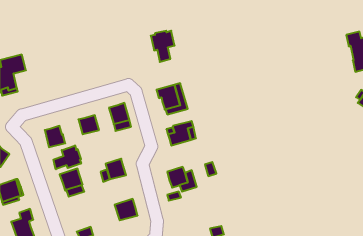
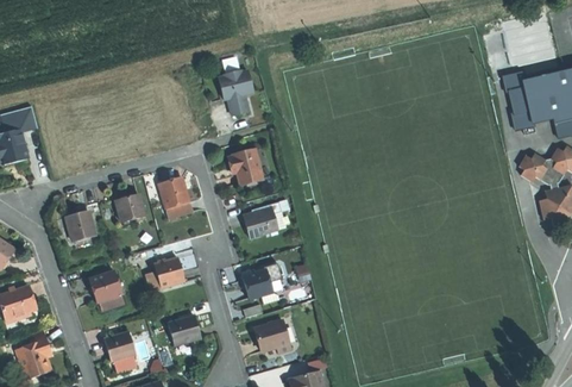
building: [53,145,81,169] -> none
building: none -> [252,320,290,350]
building: none -> [103,331,136,362]

